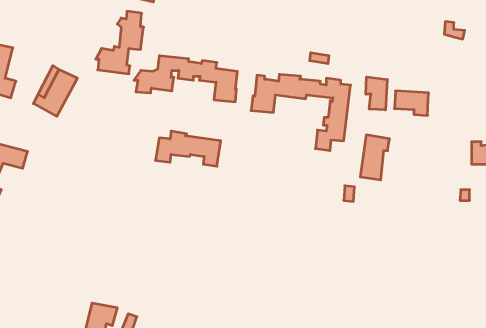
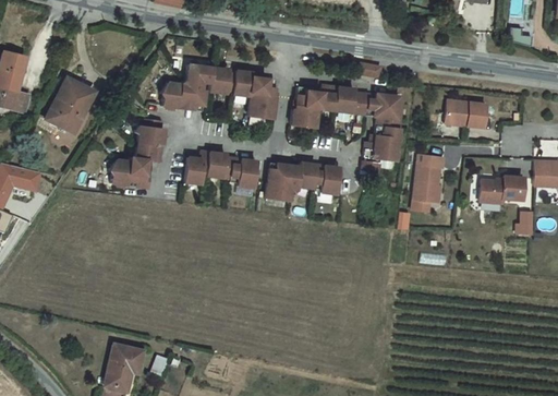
building: [96,11,144,74] -> [110,118,163,188]
building: [366,77,387,110] -> none
building: none -> [266,161,340,201]
building: none -> [482,180,525,209]

